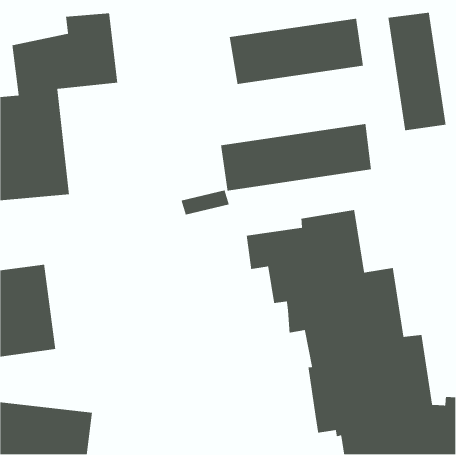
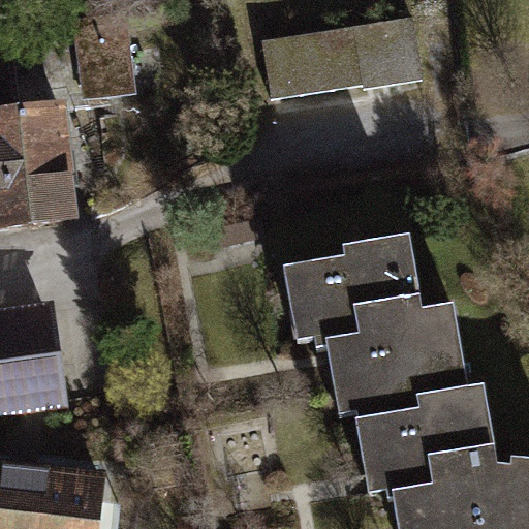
building: [388,12,446,131] -> none
building: [220,123,372,191] -> none

